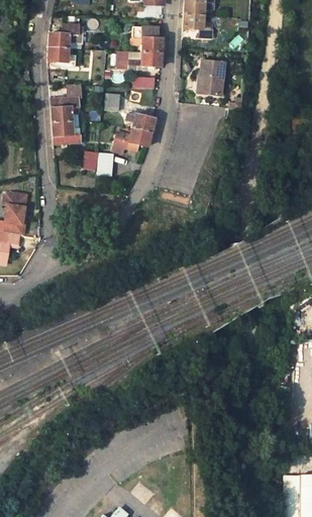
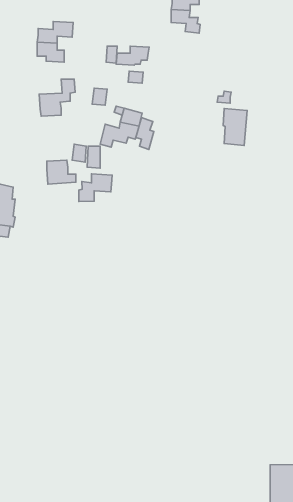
building: [132,27,163,53] -> none
building: [201,58,225,95] -> [223,109,247,145]
building: [53,121,82,145] -> [47,160,76,184]
building: none -> [136,118,154,149]
building: none -> [79,174,112,202]

